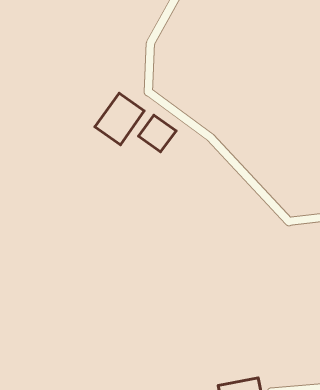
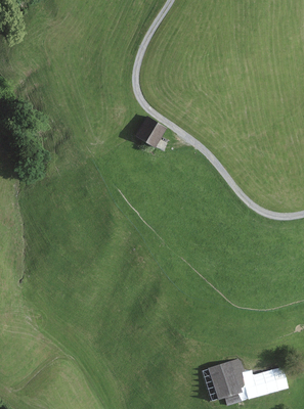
building: [95,93,144,145] -> none

